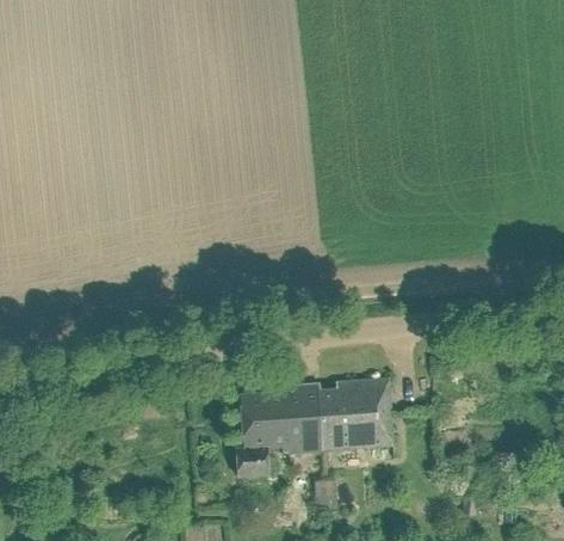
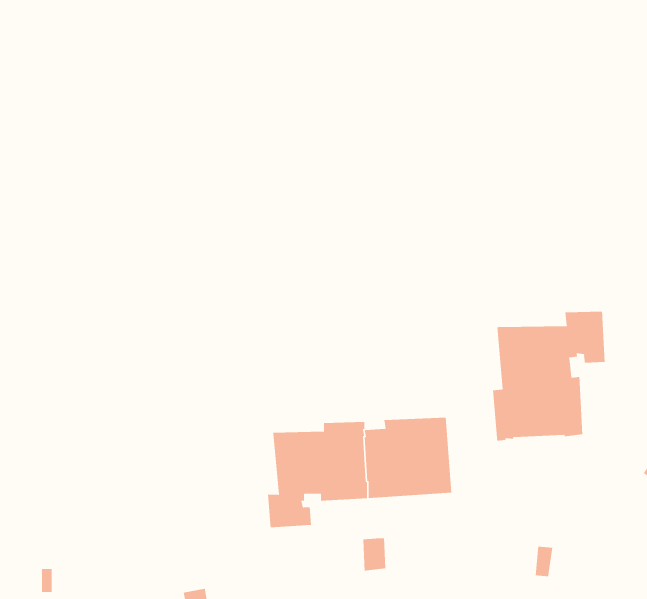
building: none -> [493,311,605,442]

